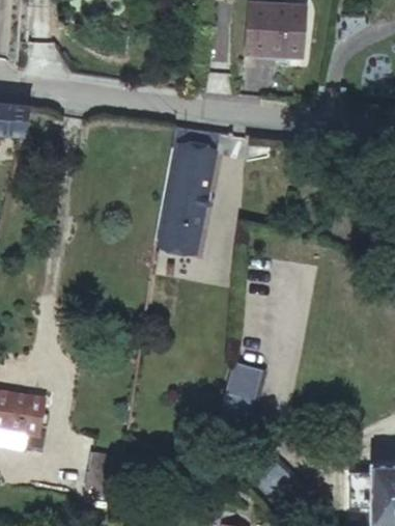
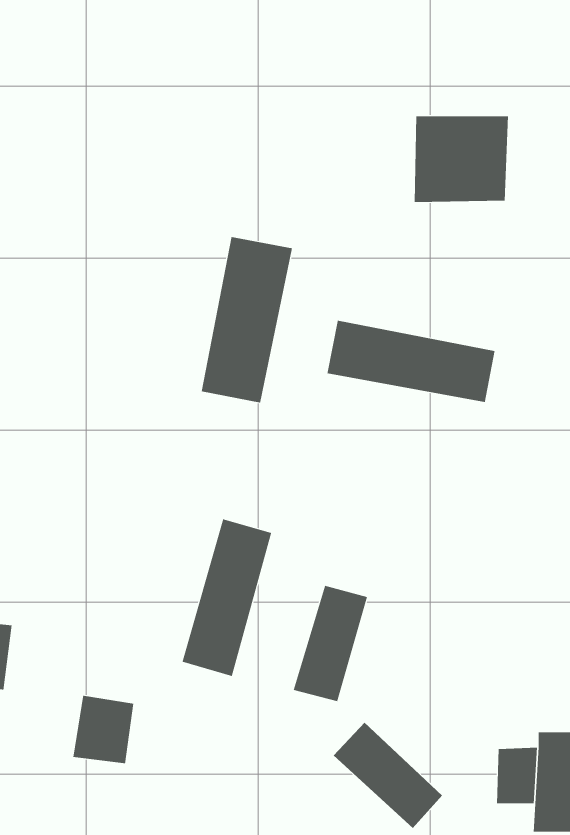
building: [231,9,290,63] -> [414,116,509,203]
building: none -> [327,320,495,403]
building: none -> [182,519,272,677]

